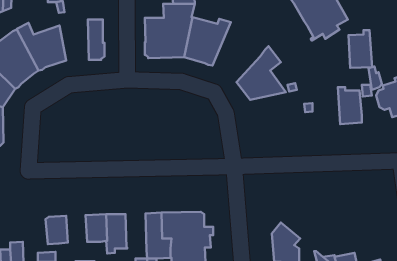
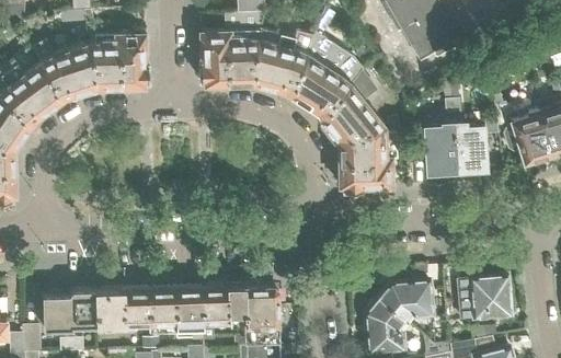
building: none -> [288,32,357,117]
building: none -> [88,34,126,88]
building: [349,30,372,68] -> [425,123,456,172]
building: none -> [337,129,391,190]
building: none -> [457,276,510,320]
building: none -> [378,281,431,321]
building: none -> [174,288,202,337]
building: none -> [96,290,124,326]
building: none -> [43,293,72,332]

